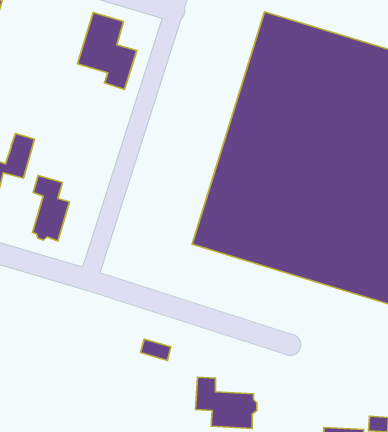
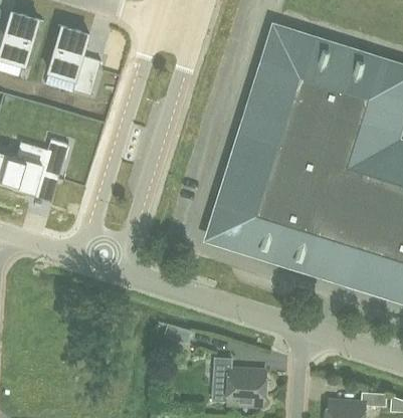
building: [78,12,137,90] -> [47,25,100,94]
building: [32,176,70,241] -> none

